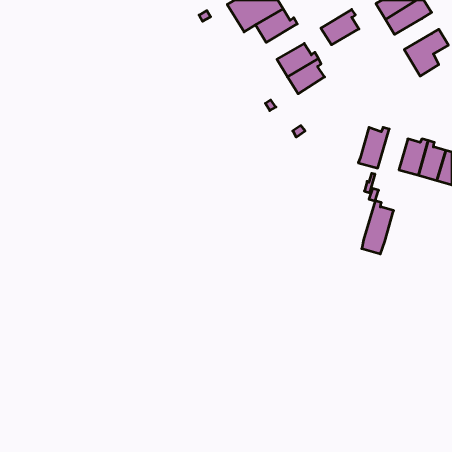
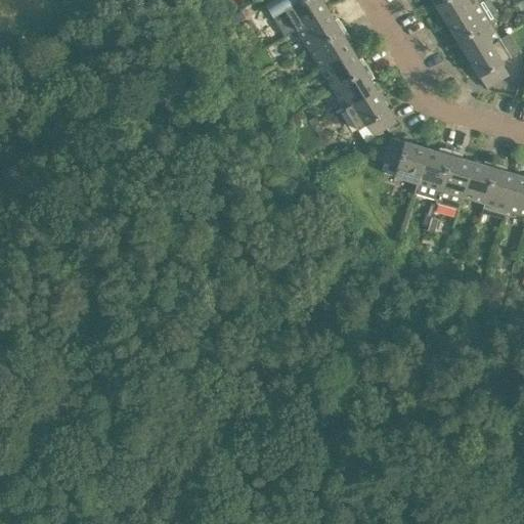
building: [321,9,359,45] -> [308,28,352,69]
building: none -> [456,21,499,57]
building: none -> [345,89,395,135]
building: none -> [377,137,427,183]
building: [362,201,394,254] -> [435,149,472,211]

